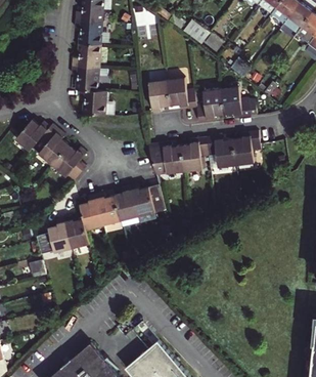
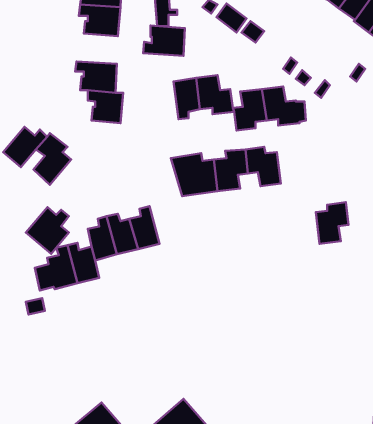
building: [70,44,103,69] -> [143,26,185,56]
building: [232,132,259,166] -> [316,202,348,244]
building: [48,146,83,184] -> [26,207,69,254]
building: [129,182,164,215] -> none

